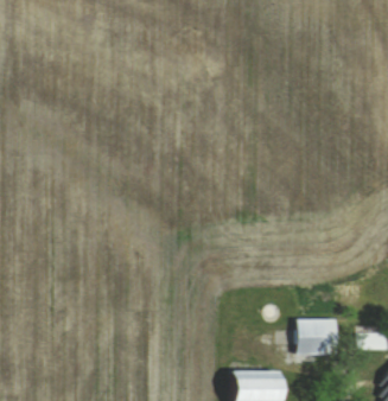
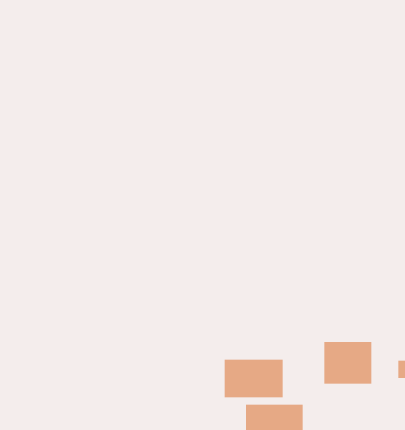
building: none -> [224,359,283,398]

